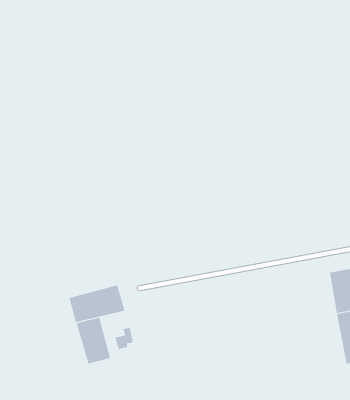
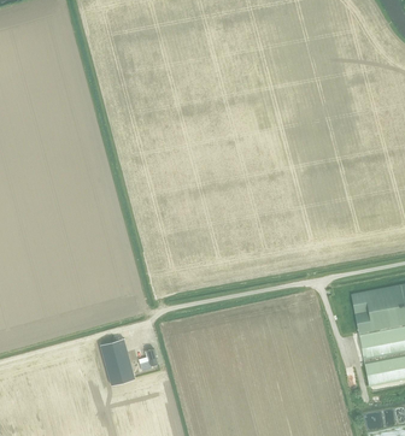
building: [69,284,125,323] -> none

